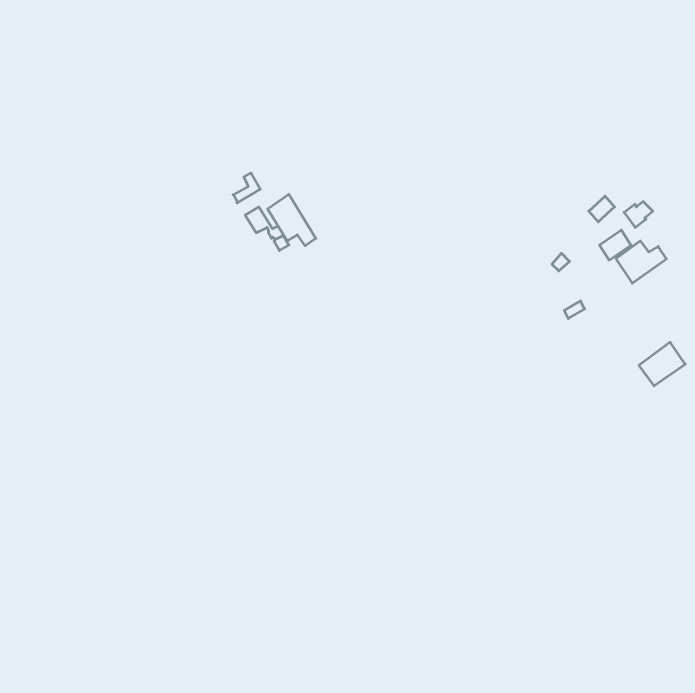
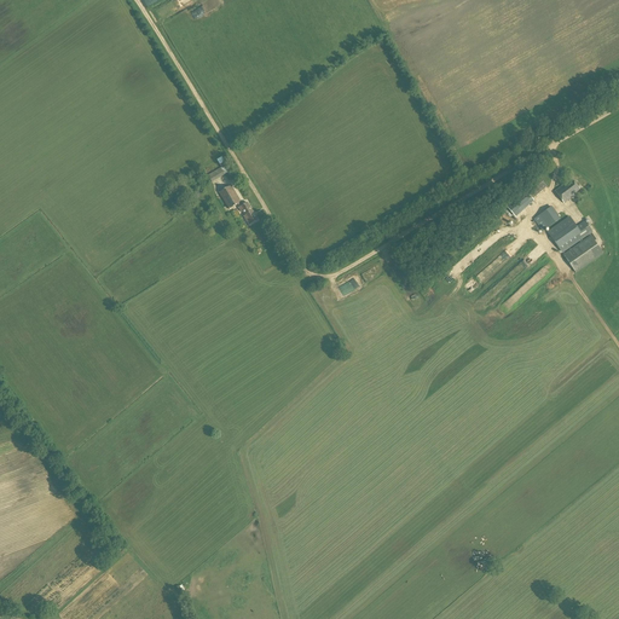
building: [268,194,316,246] -> none
building: [639,342,685,386] -> [561,232,602,271]

